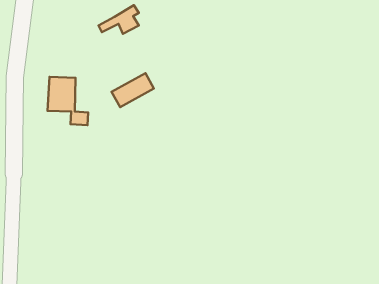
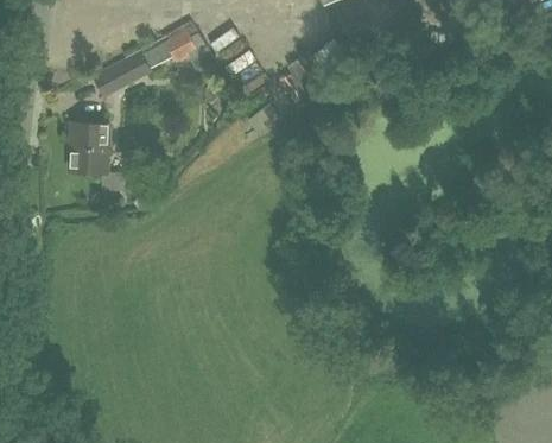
building: [112,73,154,107] -> [93,50,152,97]

